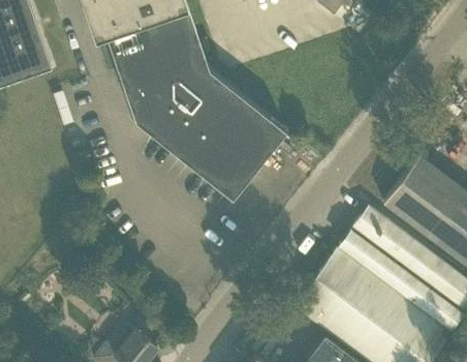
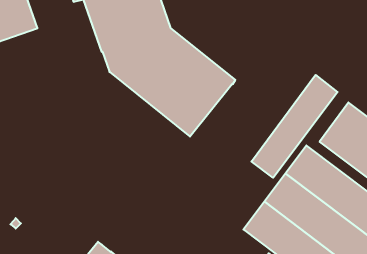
building: none -> [251,75,338,178]

